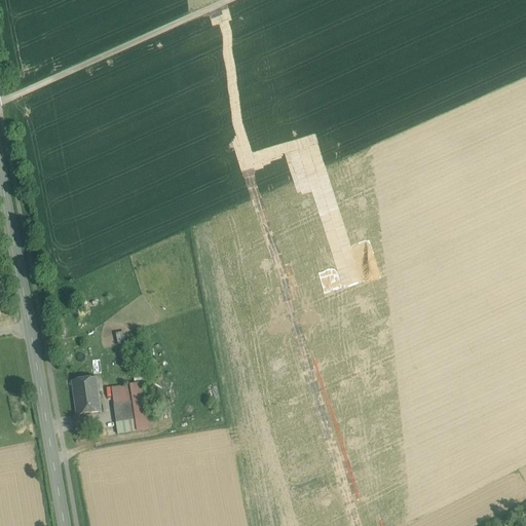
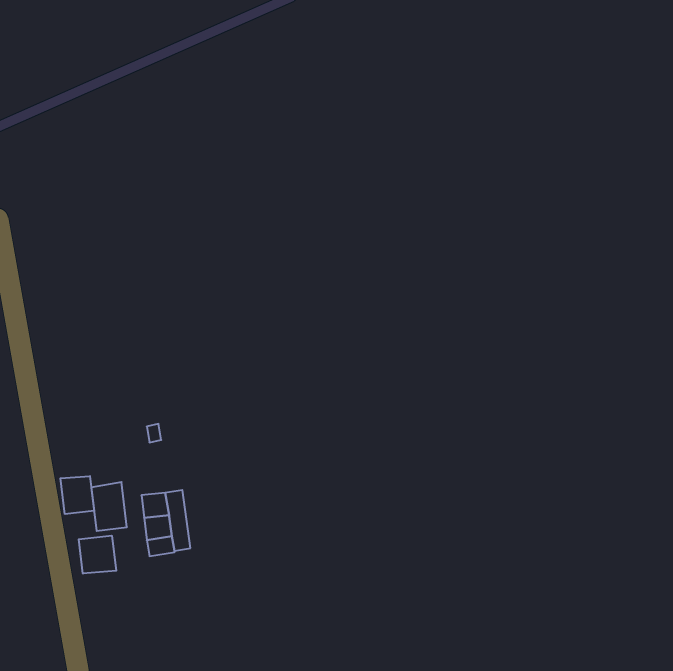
building: none -> [60,476,94,514]
building: none -> [79,536,116,574]

